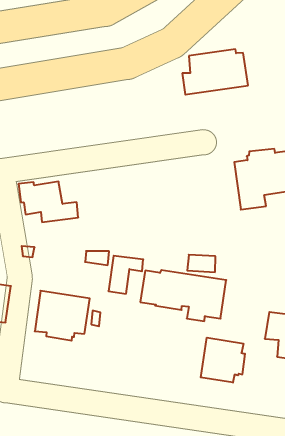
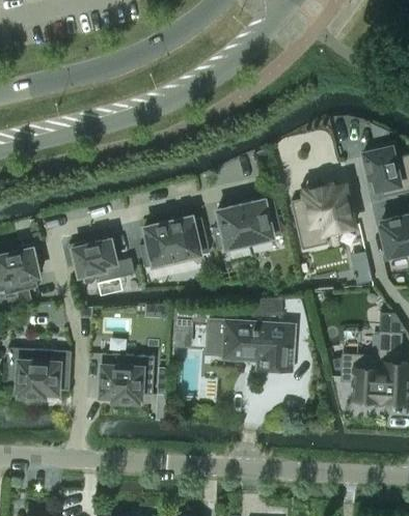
building: [182,49,248,95] -> [212,199,281,251]
building: none -> [139,217,209,267]
building: [201,338,245,383] -> none

